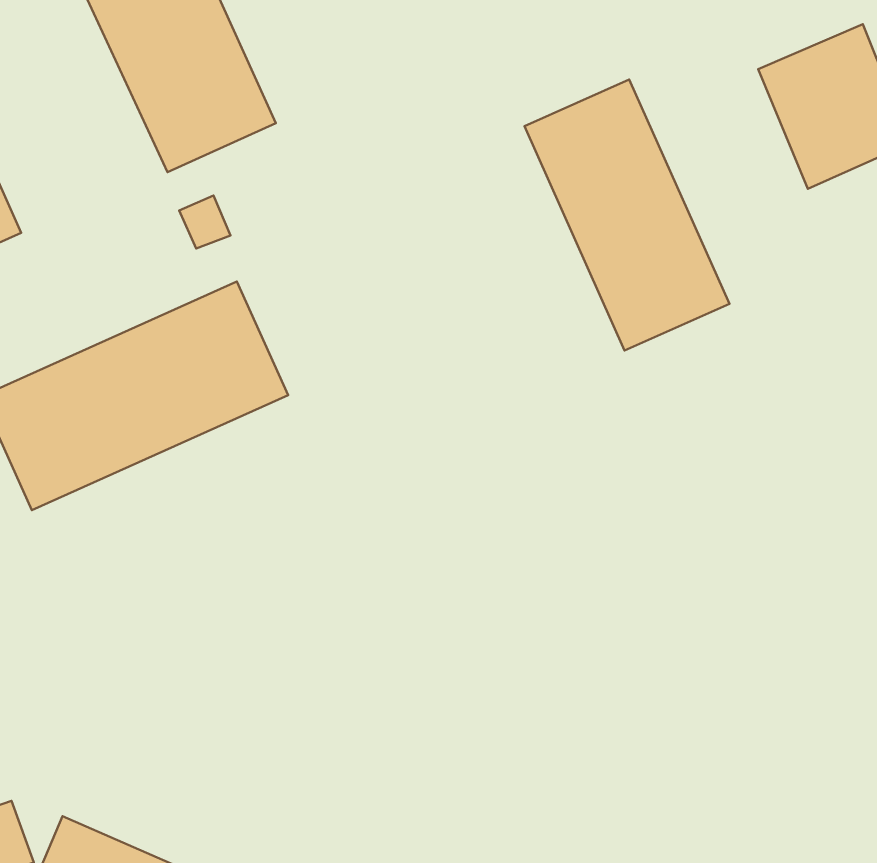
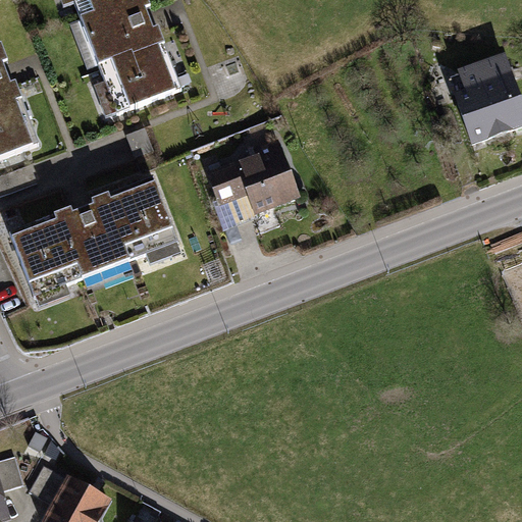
building: [524,79,729,351] -> none
building: none -> [204,145,301,228]

